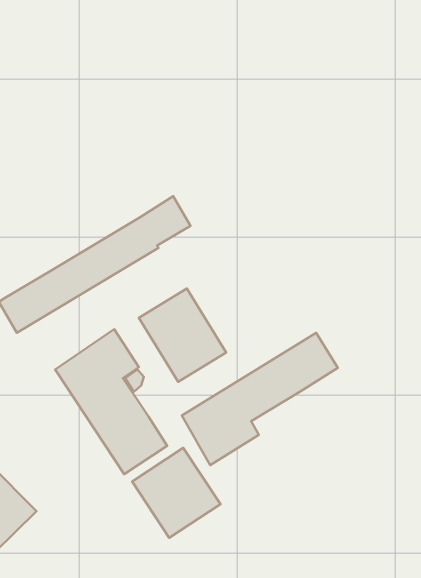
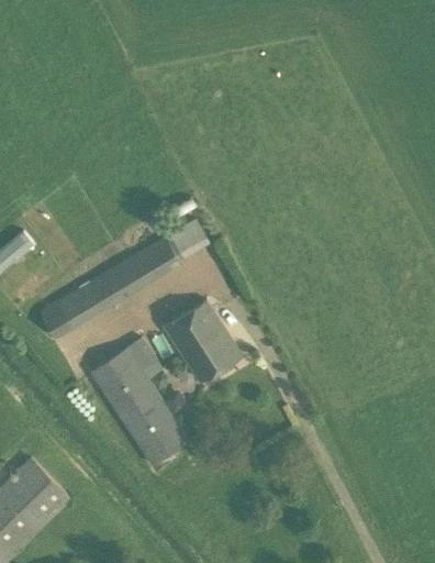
building: [182,333,338,465] -> none
building: [132,448,220,538] -> none

